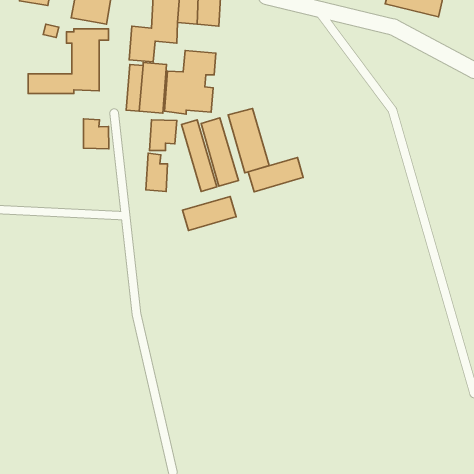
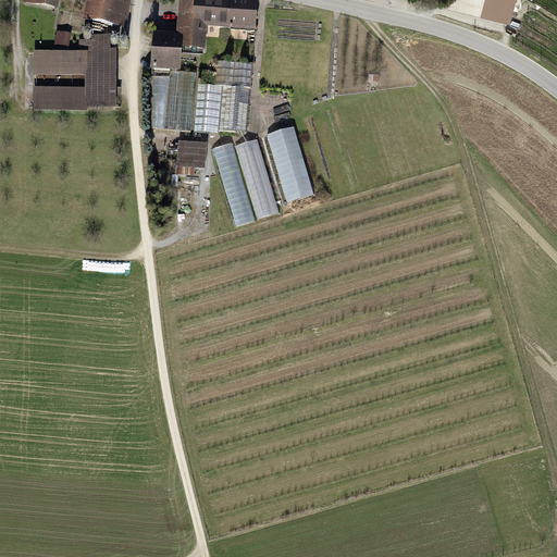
building: none -> [33,50,84,74]
building: [83,119,109,149] -> none
building: [146,153,168,192] -> none
building: [248,158,303,192] -> none
building: [183,196,236,231] -> none

